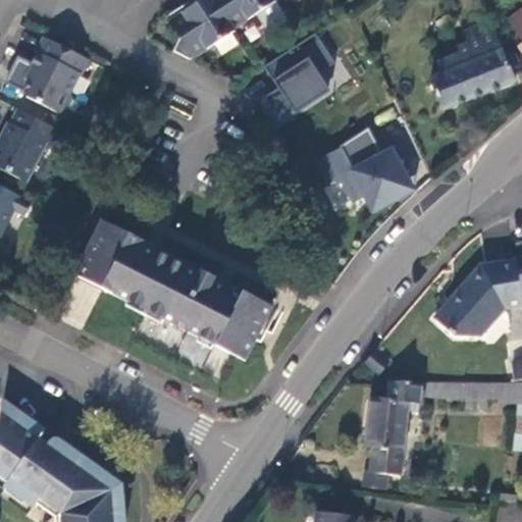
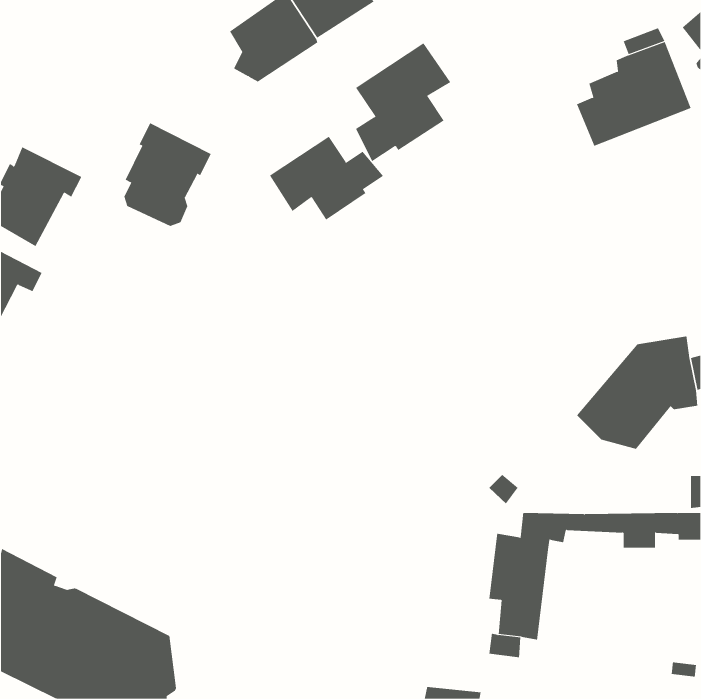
building: [24,37,90,114] -> [124,122,211,227]
building: none -> [269,136,384,220]
building: [319,126,414,210] -> none
building: [74,220,285,377] -> none

